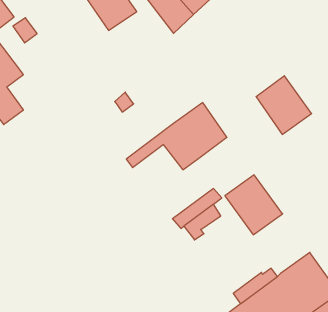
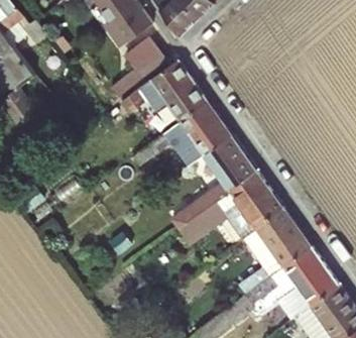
building: none -> [124,36,165,77]
building: none -> [136,60,207,122]
building: [256,76,312,134] -> [203,135,256,192]
building: none -> [255,209,310,266]

